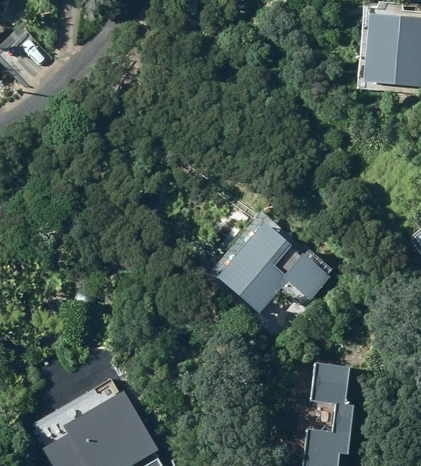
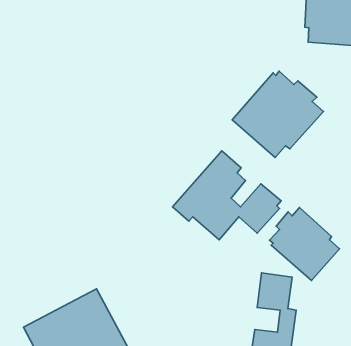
building: none -> [232,71,324,157]
building: none -> [269,208,339,280]

